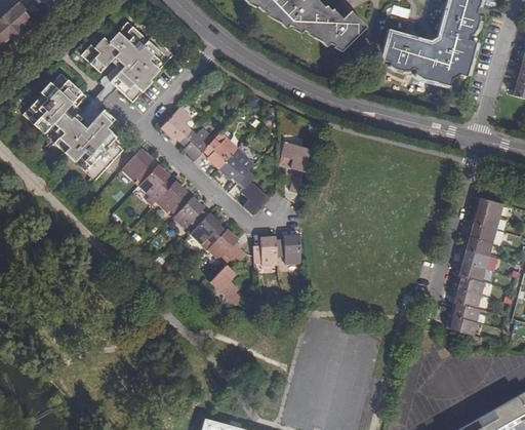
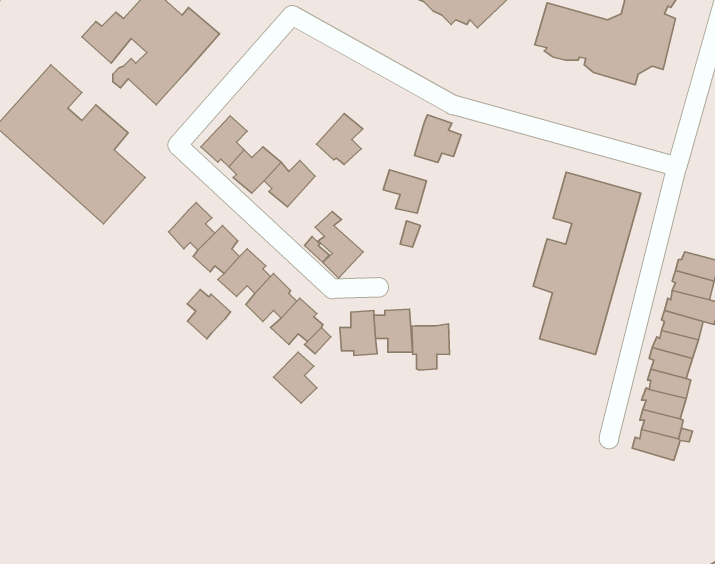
building: none -> [415,115,461,162]
building: none -> [533,172,641,355]
building: [218,148,249,182] -> [316,113,363,164]
building: [122,150,153,182] -> none
building: none -> [187,290,231,339]
building: none -> [412,324,449,370]

